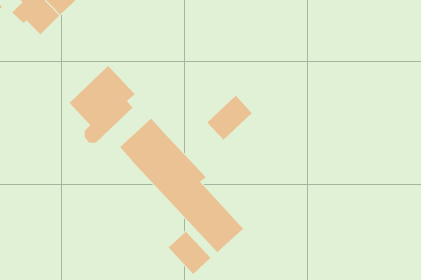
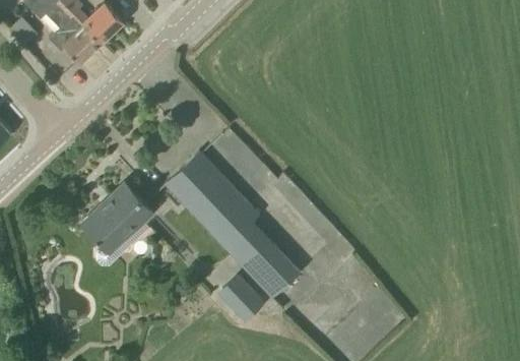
building: [69,65,135,143] -> [81,182,153,266]
building: [207,95,253,141] -> none

